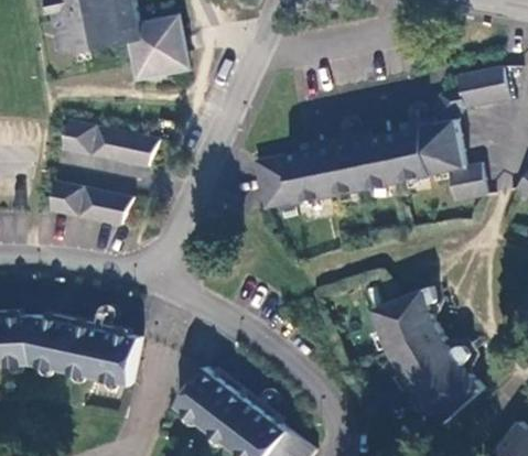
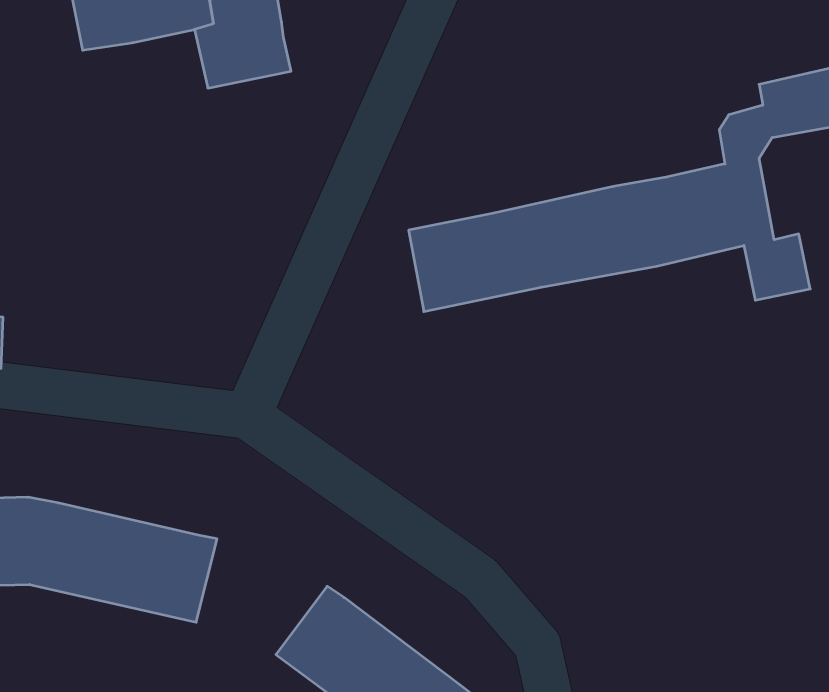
building: [61,121,157,167] -> none
building: [46,182,129,226] -> none
building: [371,286,482,422] -> none

